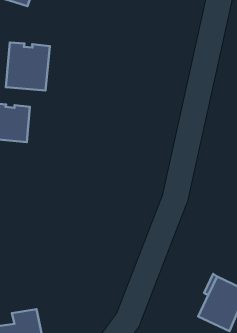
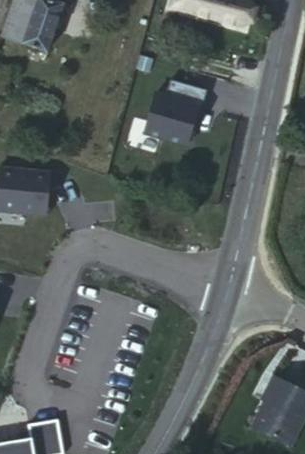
building: none -> [145,80,207,145]
building: [6,43,50,91] -> none

